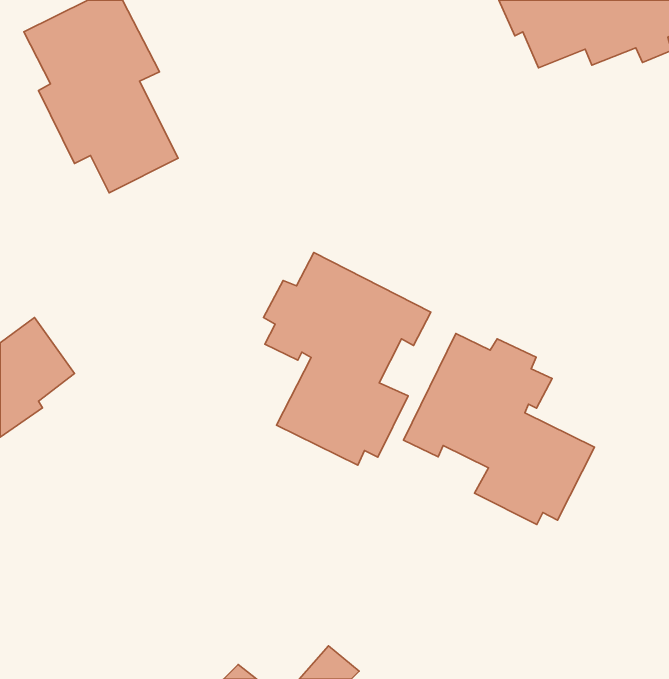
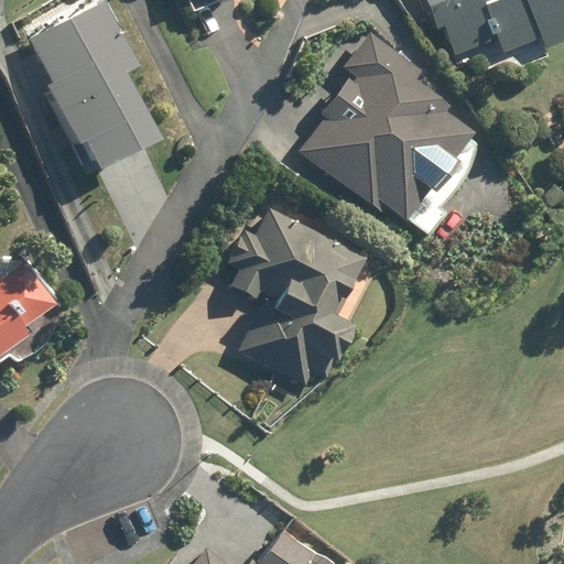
building: none -> [297,35,463,223]
building: [404,333,595,524] -> none

